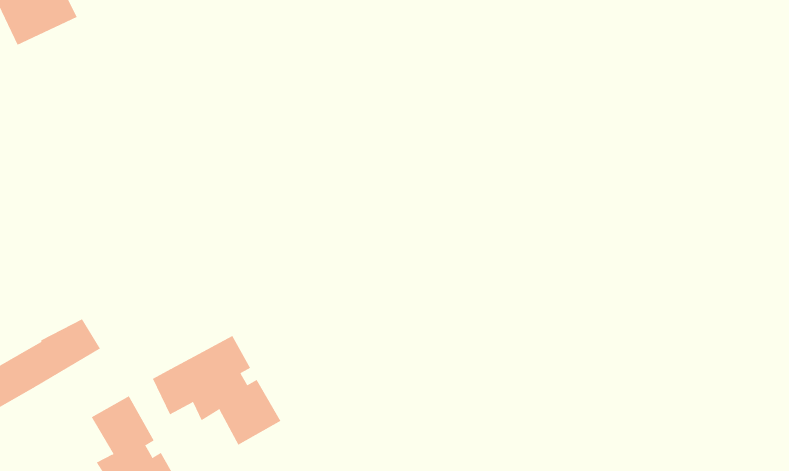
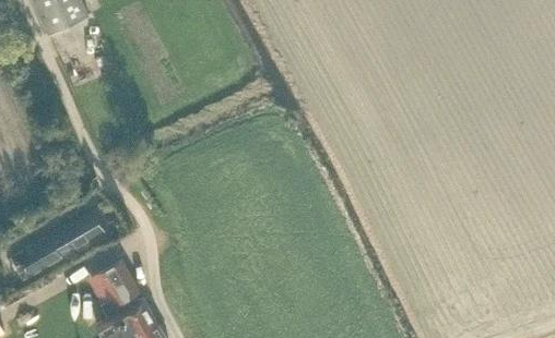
building: [152,335,281,445] -> none

